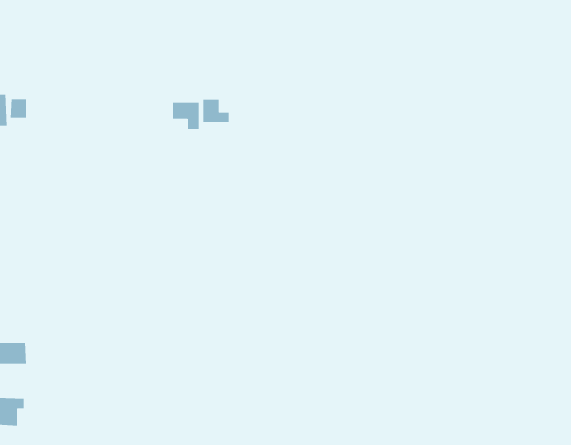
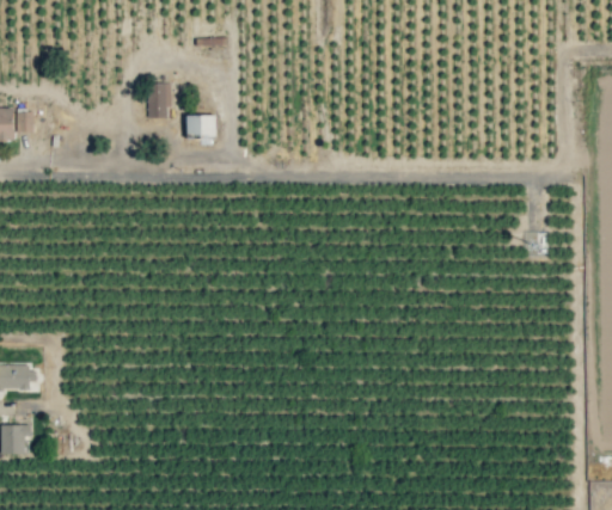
building: none -> [147,84,170,118]
building: [203,99,229,123] -> none

